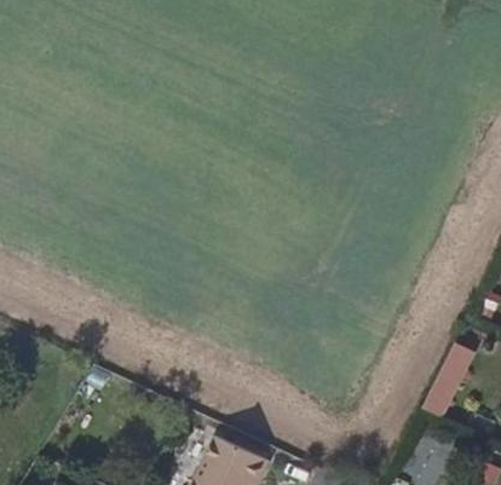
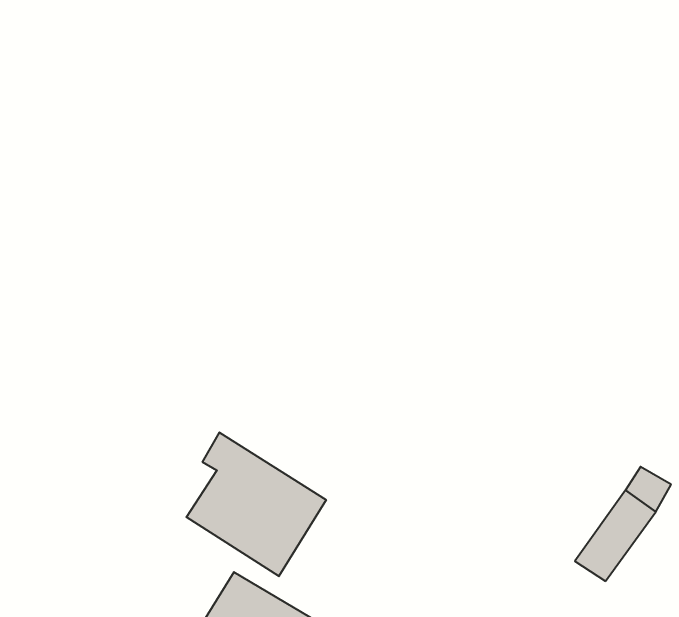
building: none -> [186,432,326,576]

